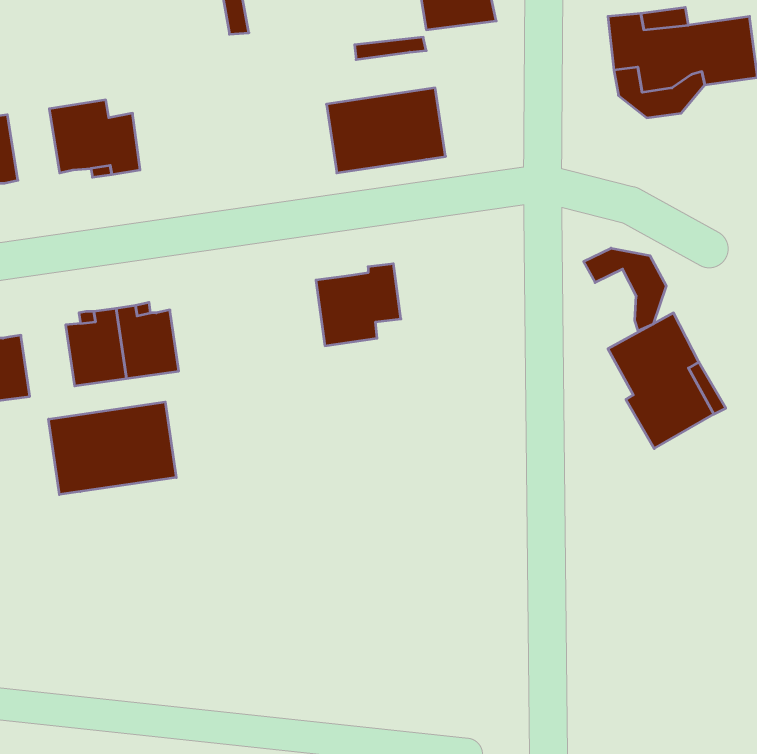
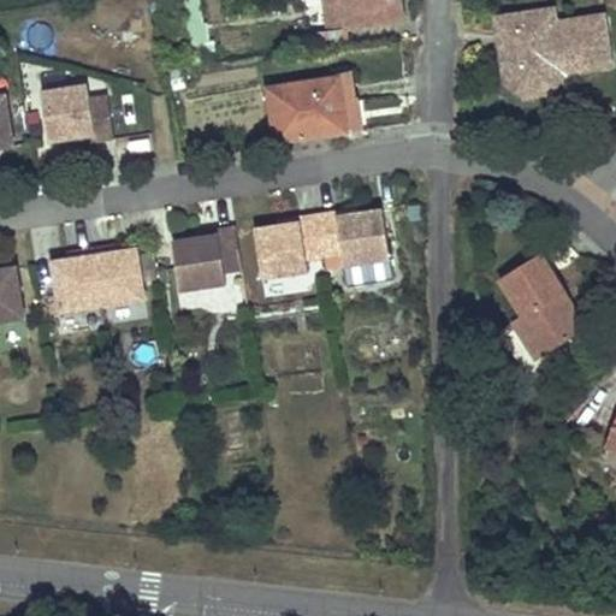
building: [584,248,666,331] -> none
building: none -> [318,208,385,268]
building: none -> [173,225,242,291]
building: [49,402,176,495] -> none

